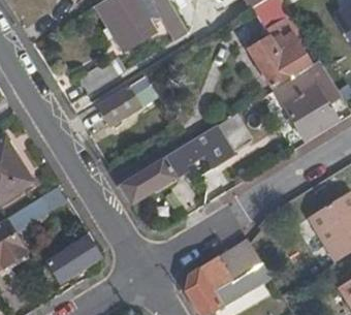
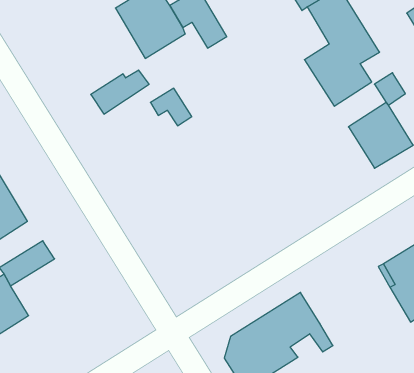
building: [99,85,141,125] -> none
building: [120,100,274,204] -> none
building: [47,235,101,281] -> none

